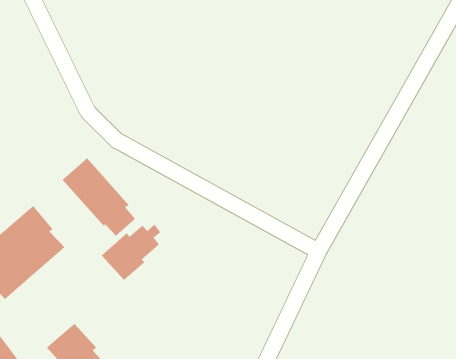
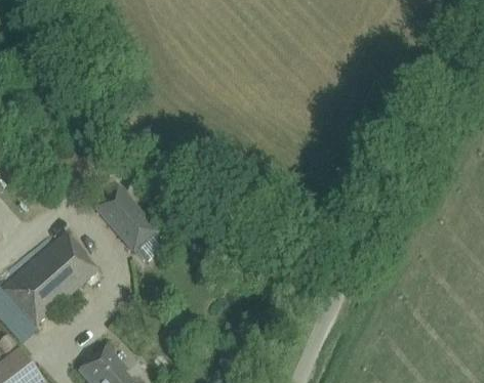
building: [101,224,161,281] -> none

